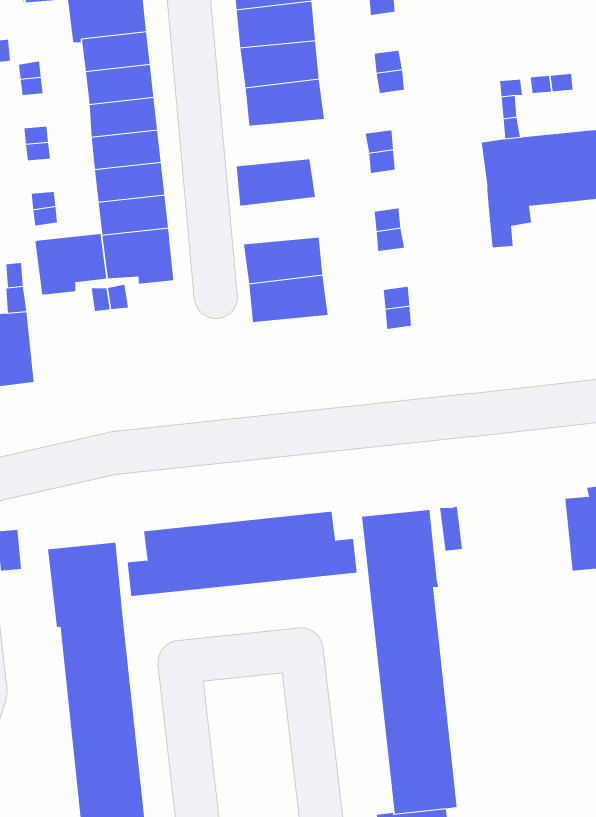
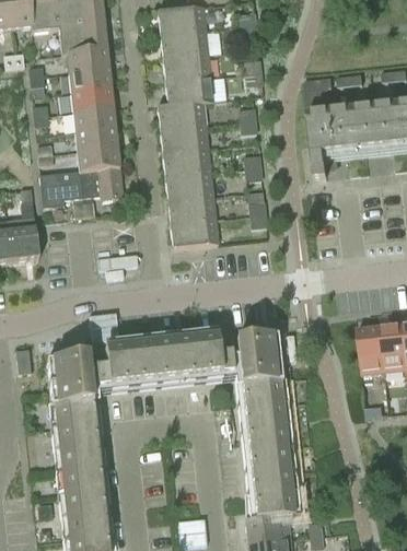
building: none -> [158,101,206,128]
building: none -> [163,146,211,175]
building: none -> [171,218,219,246]

